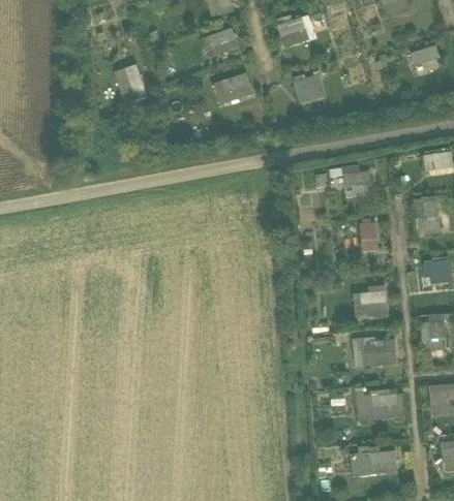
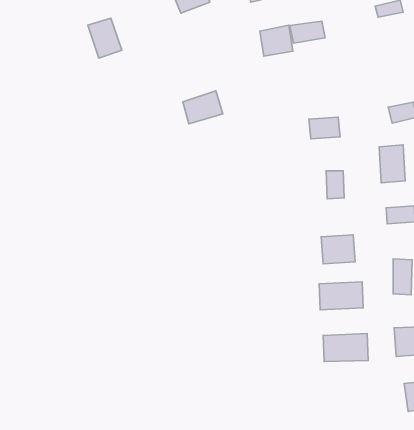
building: none -> [290,21,325,43]
building: [213,72,254,106] -> [183,91,223,124]
building: [352,445,396,476] -> none

